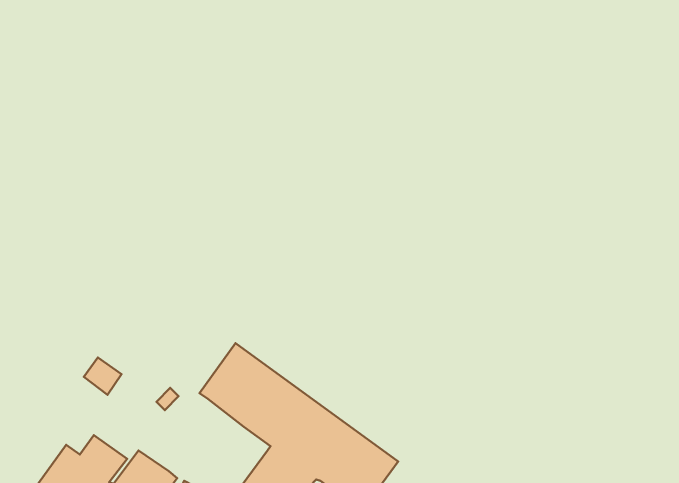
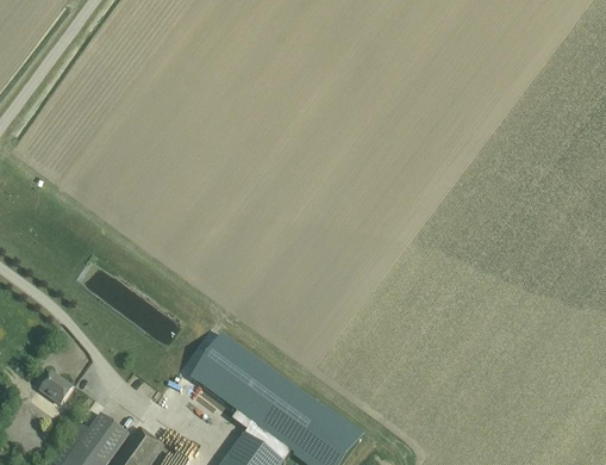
building: [84,357,121,395] -> [40,371,73,403]

